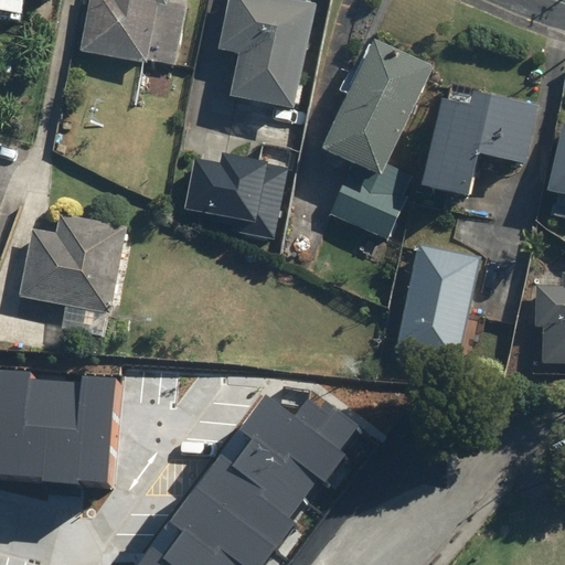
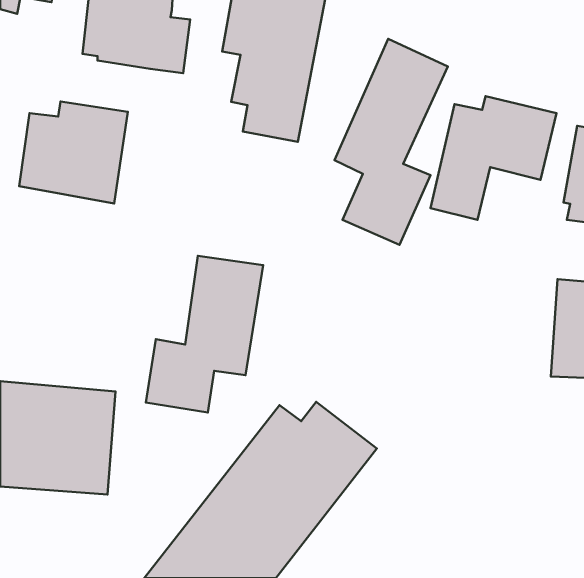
building: [191,149,298,227] -> none
building: [19,216,124,315] -> [19,102,128,203]
building: [392,239,481,370] -> none
building: none -> [146,256,263,412]

